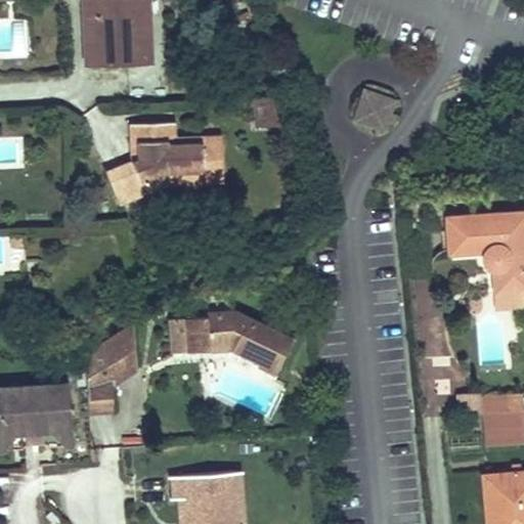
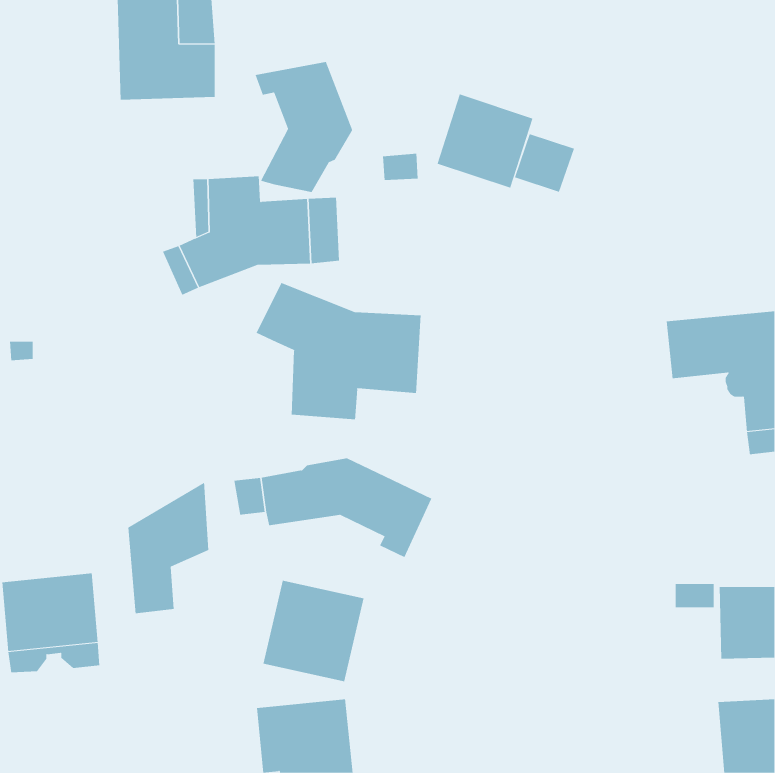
building: none -> [255,61,353,193]
building: none -> [437,94,533,189]
building: none -> [256,282,421,420]
building: none -> [263,580,364,682]

